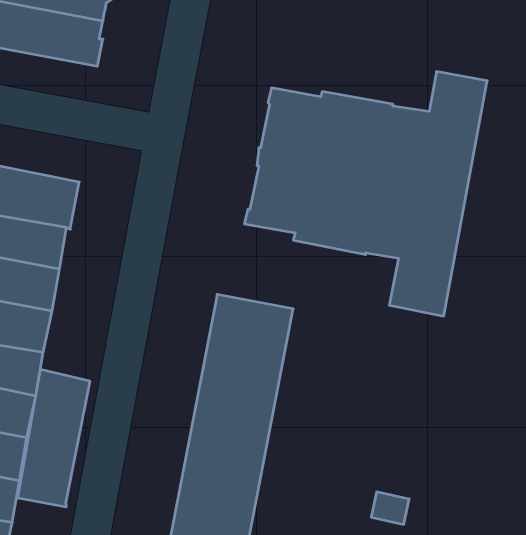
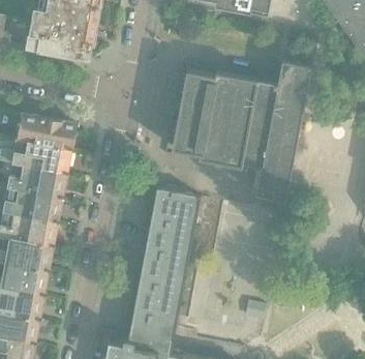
building: [18,369,90,507] -> none

